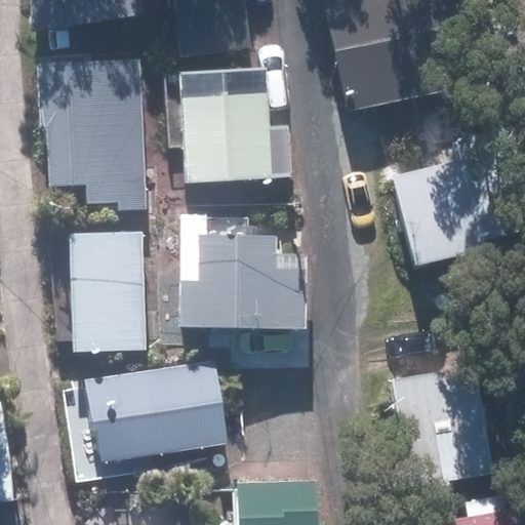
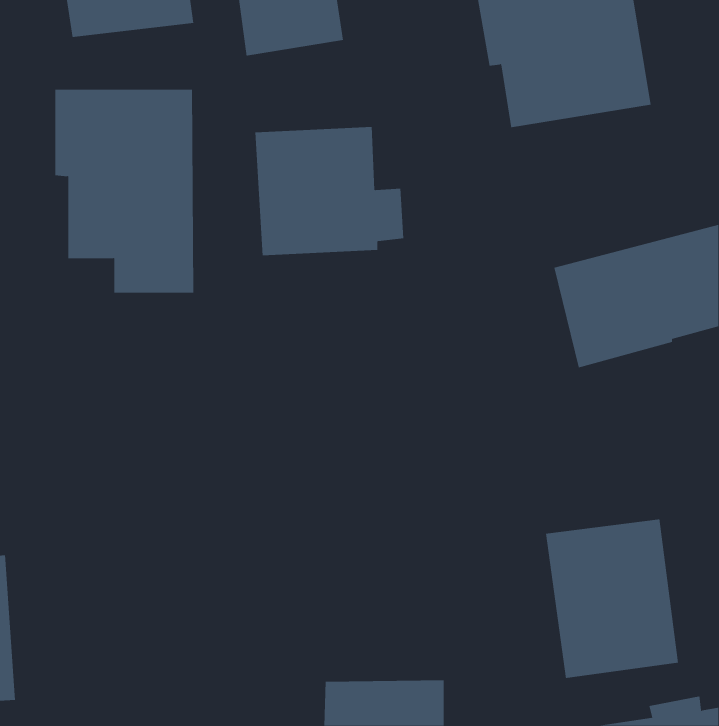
building: [71,232,144,352] -> none
building: [191,235,306,331] -> none
building: [83,359,225,458] -> none

